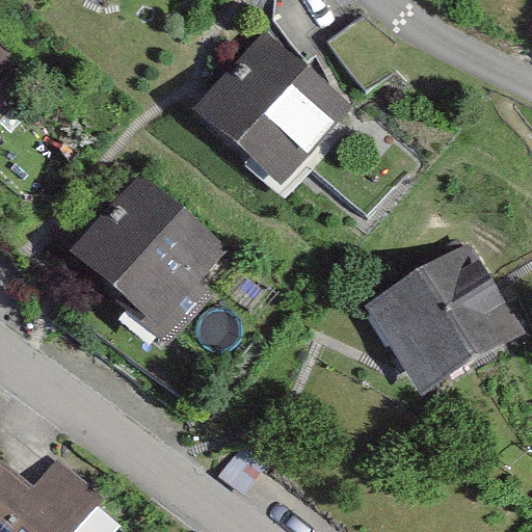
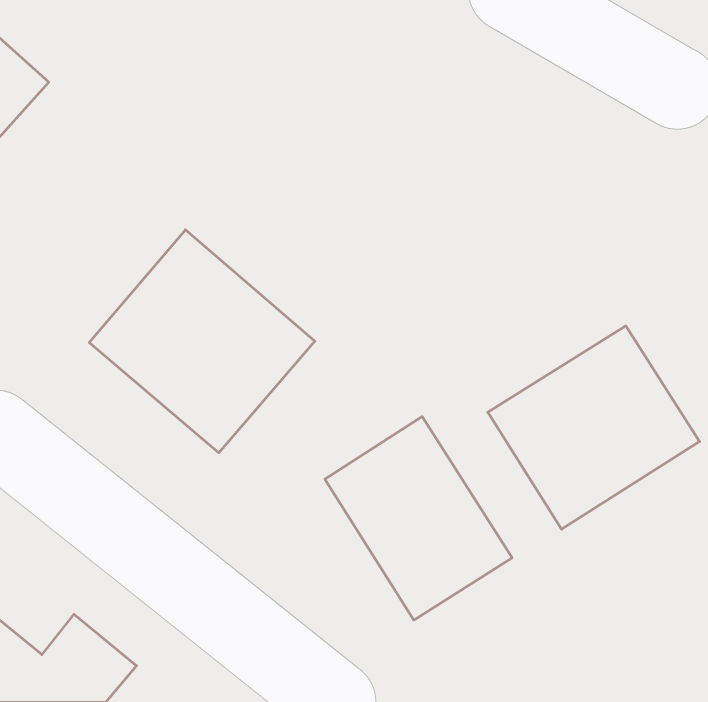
building: [192,28,352,188] -> none
building: none -> [325,417,512,620]

